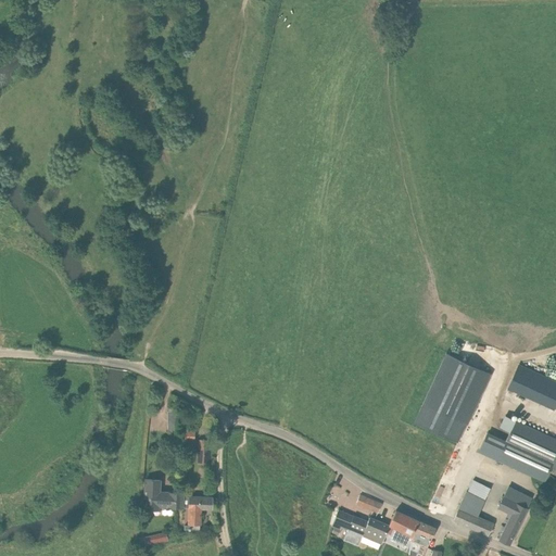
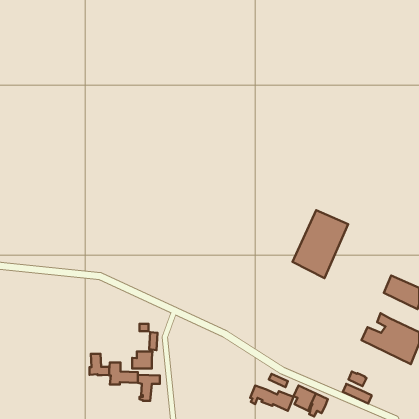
building: [418,353,492,443] -> [292,210,348,278]
building: none -> [132,352,152,369]
building: none -> [89,354,109,375]
building: [498,486,532,543] -> none

